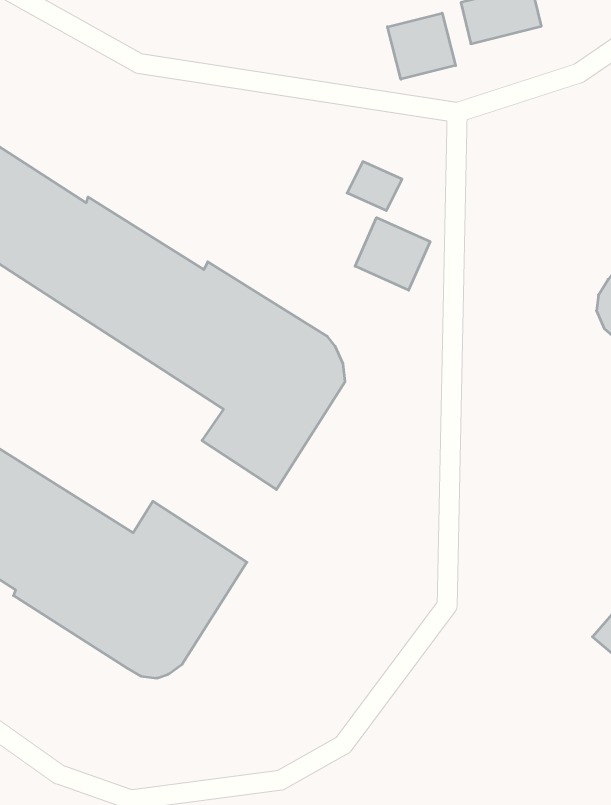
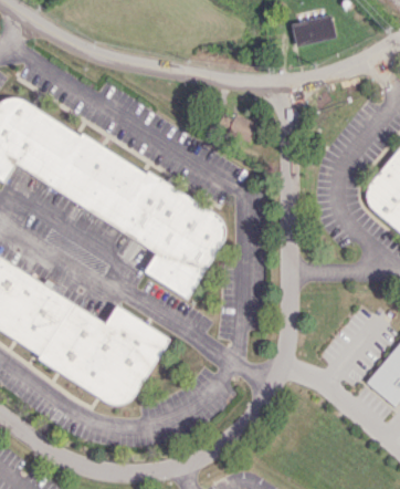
building: [387,13,456,79] -> none
building: [355,218,430,290] -> none

